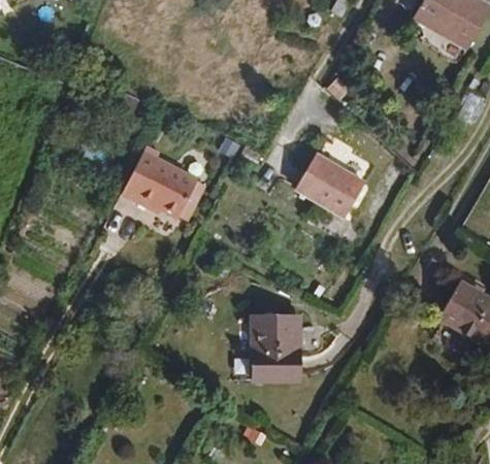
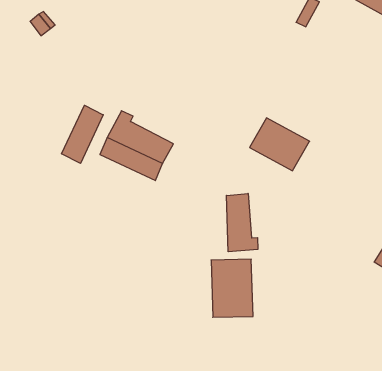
building: none -> [62,105,103,163]
building: none -> [226,193,258,252]

